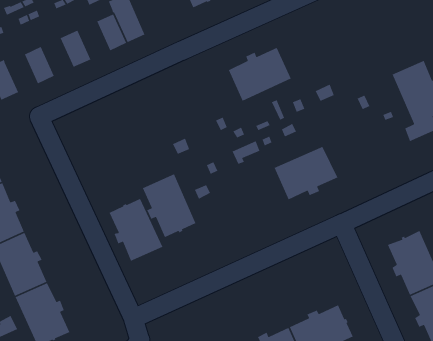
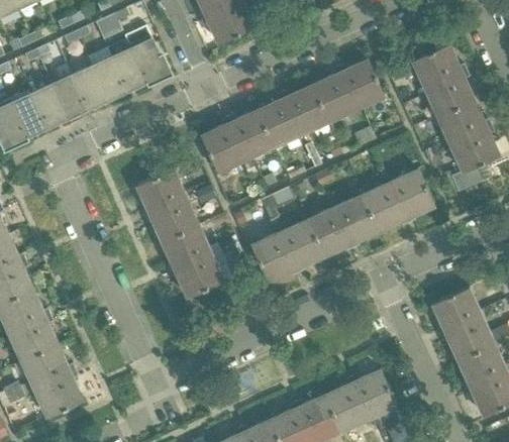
building: none -> [412,45,474,116]
building: none -> [91,58,126,100]
building: none -> [311,61,383,121]
building: none -> [50,76,86,118]
building: none -> [11,94,46,136]
building: none -> [201,111,273,172]
building: none -> [362,170,433,230]
building: none -> [251,219,323,281]
building: [109,198,164,262] -> [137,171,198,241]

